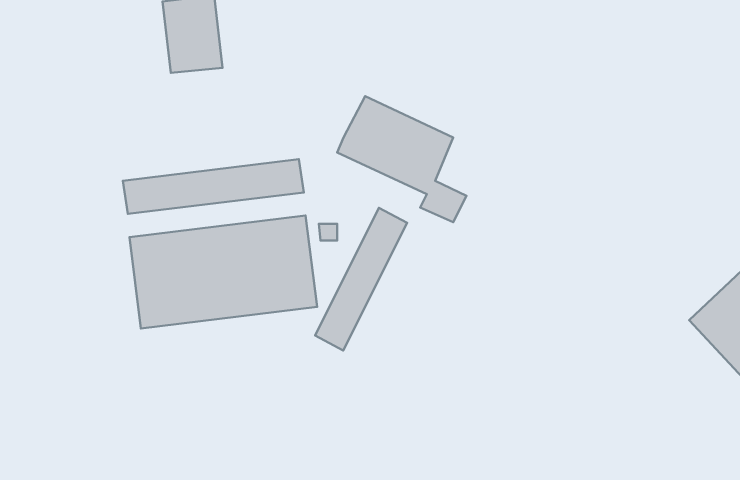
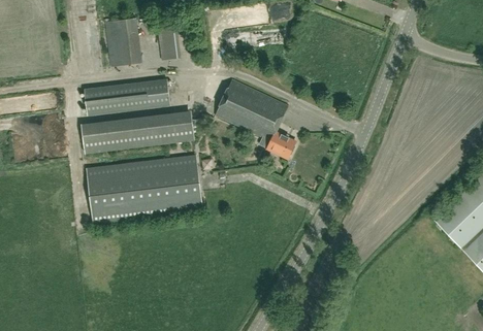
building: none -> [160,26,179,60]
building: none -> [84,78,169,114]
building: [315,208,407,351] -> none

